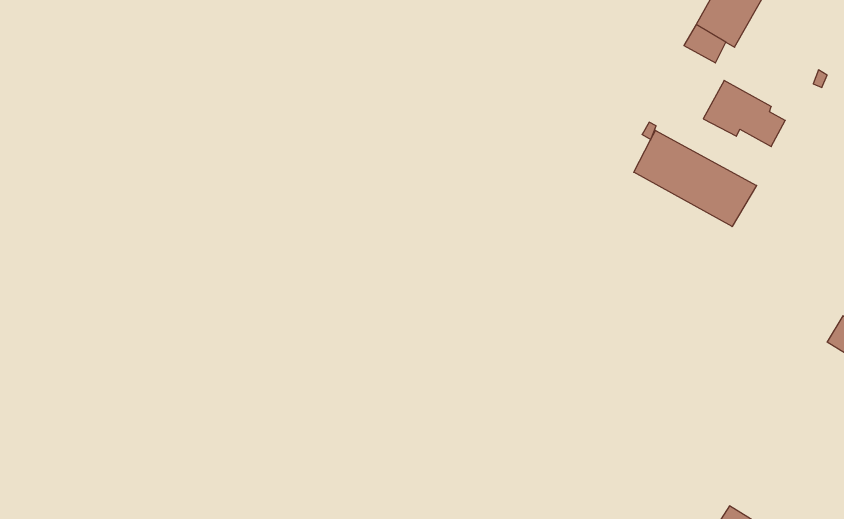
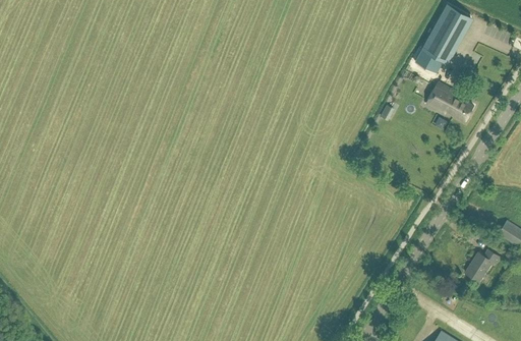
building: [634,130,757,227] -> none
building: none -> [465,250,500,282]

